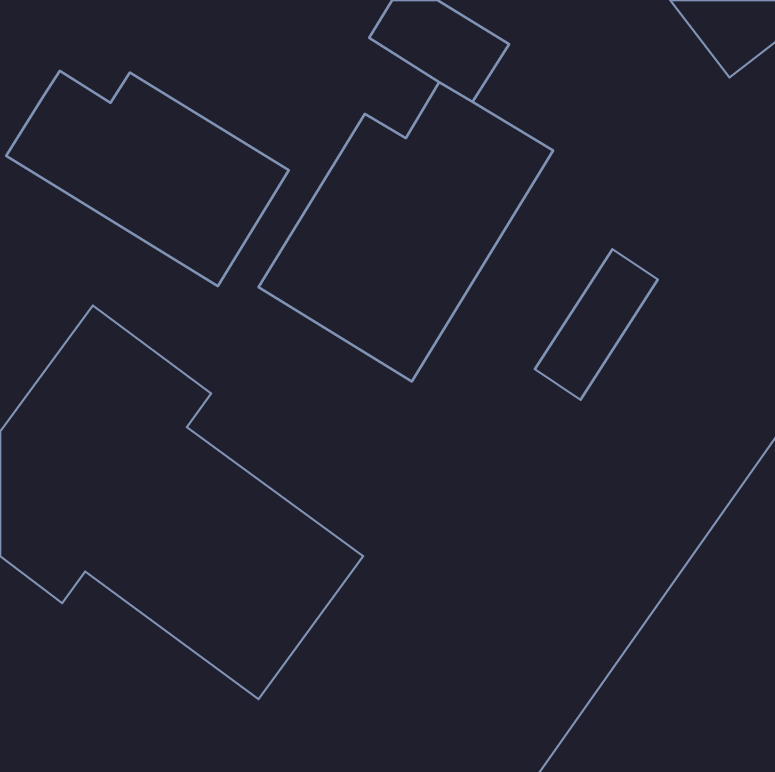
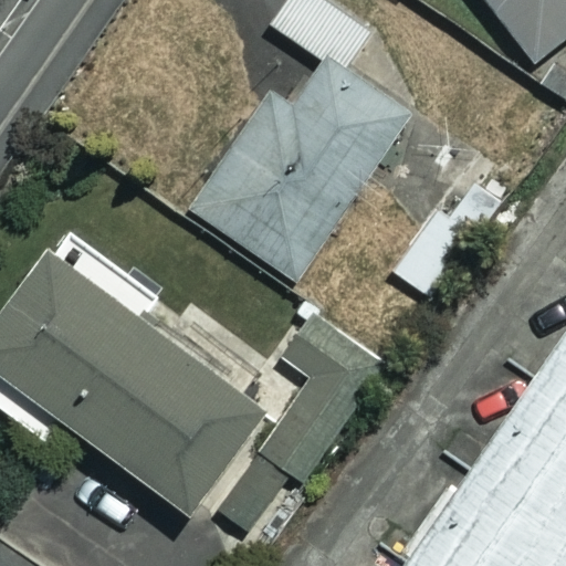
building: [6,71,289,286] -> none
building: none -> [227,318,388,525]

